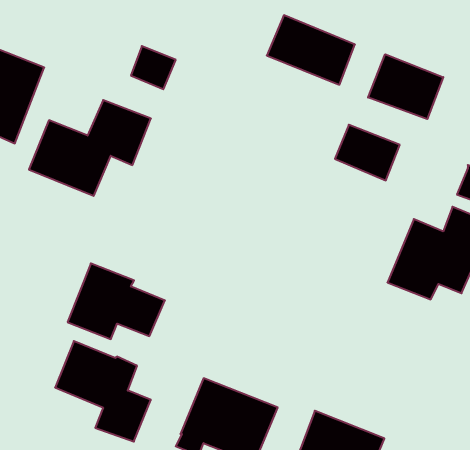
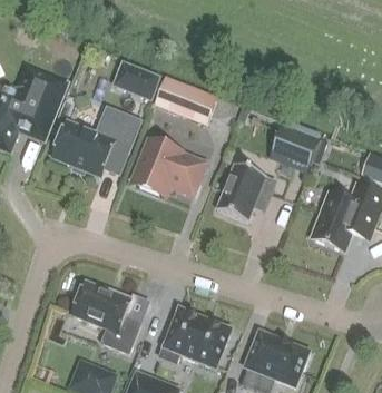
building: [267,15,355,85] -> [153,75,216,125]
building: [368,54,443,119] -> none
building: none -> [216,163,275,220]
building: [68,263,165,339] -> [133,139,203,194]

